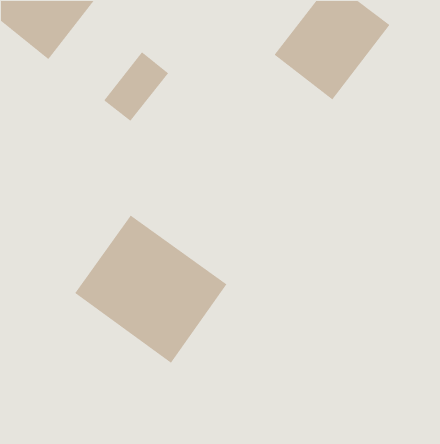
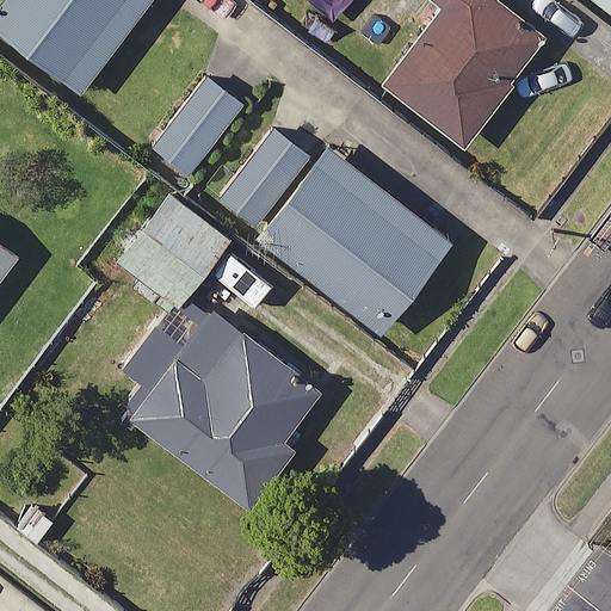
building: none -> [223,130,450,331]
building: none -> [109,187,227,306]

